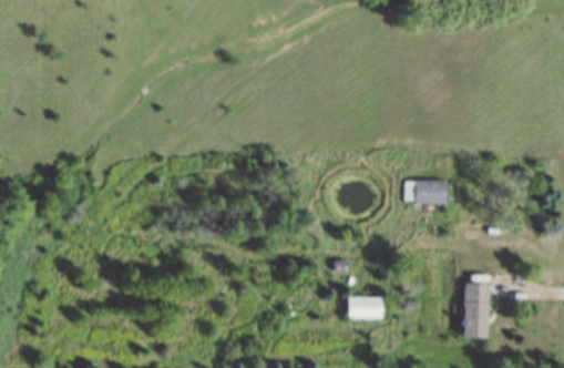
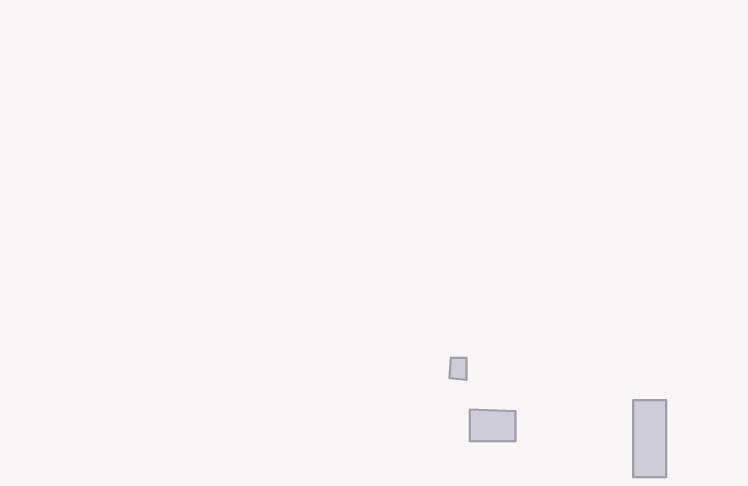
building: [416,182,447,206] -> none

